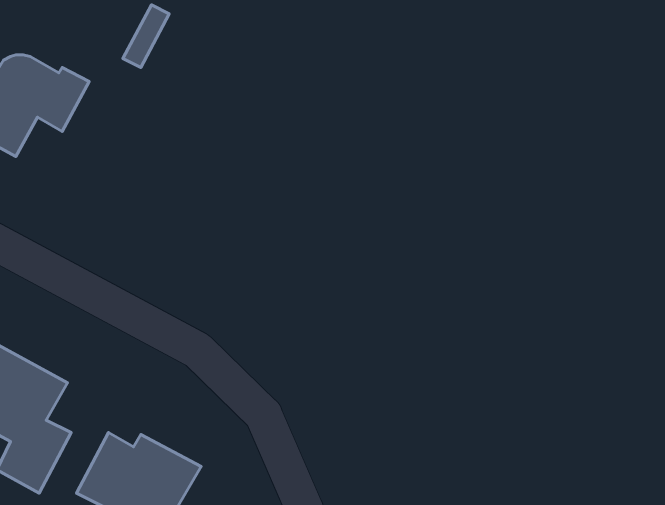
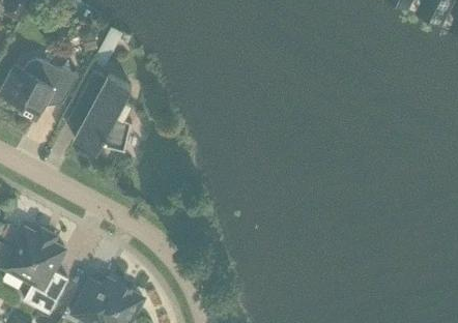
building: none -> [73,72,133,152]

